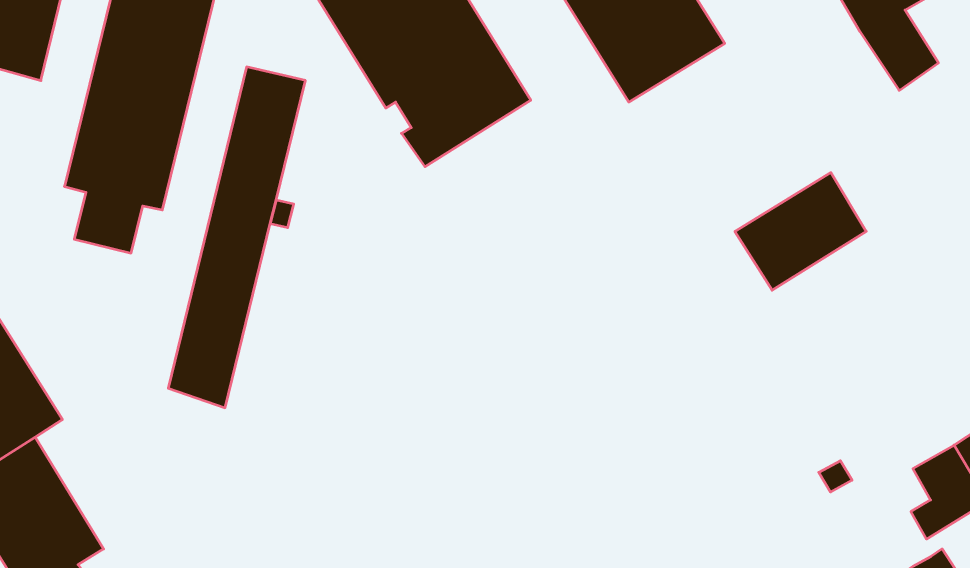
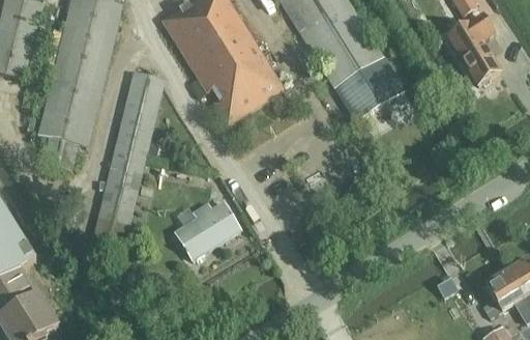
building: [735,173,866,290] -> [335,58,405,120]
building: none -> [174,200,240,259]

